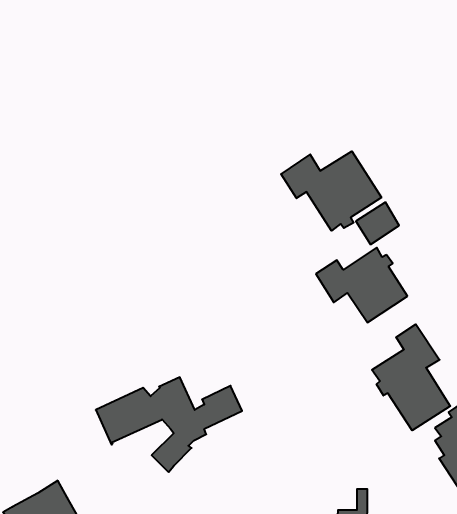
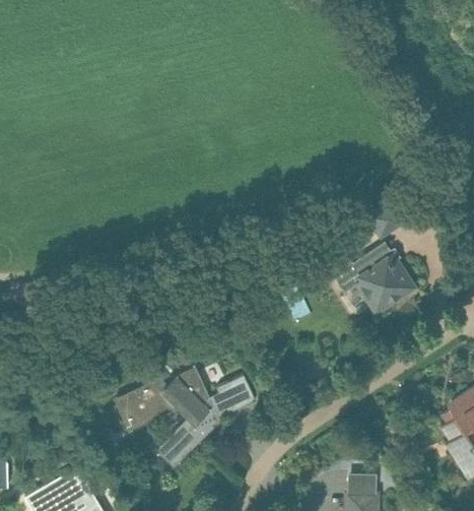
building: [281,151,381,231] -> none
building: [372,324,450,430] -> none

